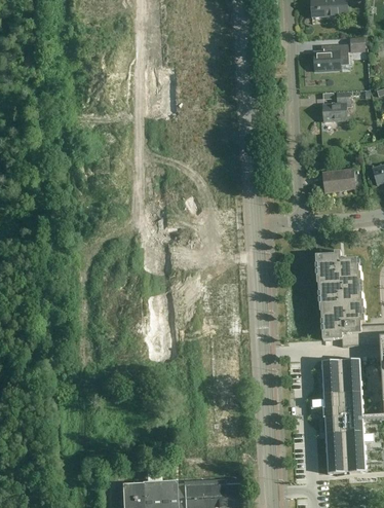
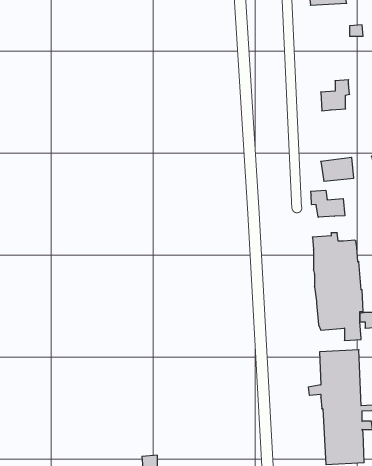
building: [314,44,348,71] -> none
building: none -> [311,190,345,217]

